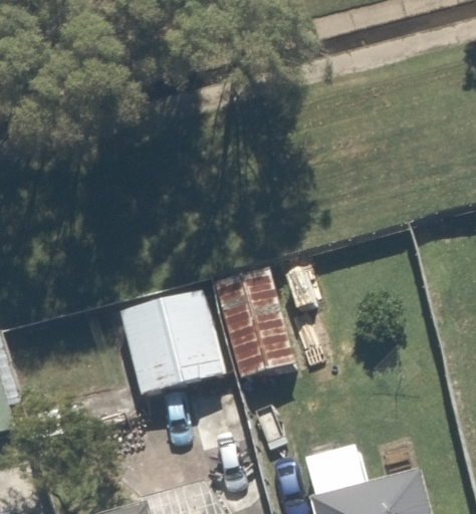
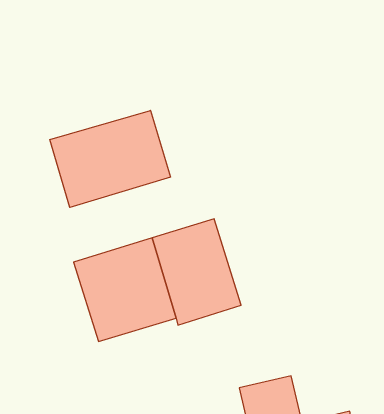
building: none -> [50,110,171,207]

